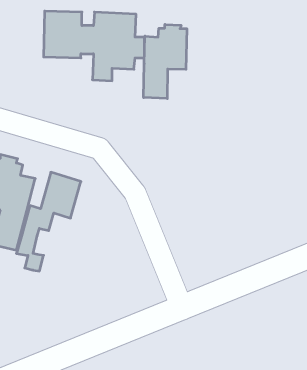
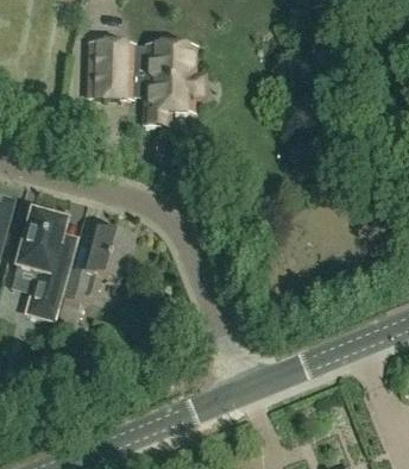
building: [144,24,187,99] -> none

